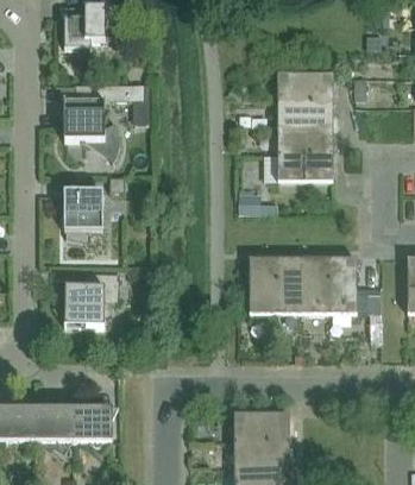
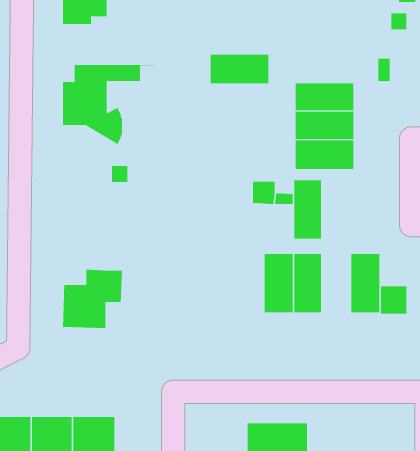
building: [278,74,333,101] -> [210,54,269,84]
building: [64,191,103,242] -> none
building: [303,258,329,313] -> [293,180,322,239]

